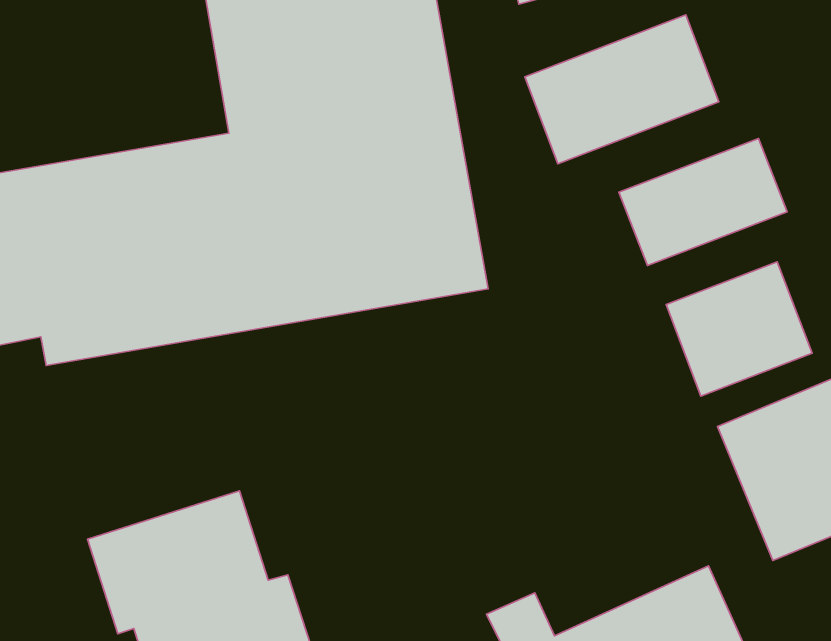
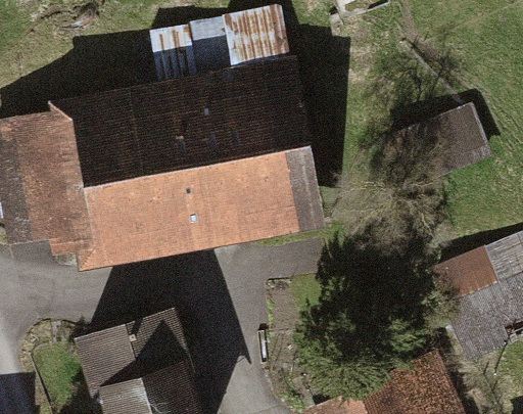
building: [525,15,719,164] -> none
building: [666,262,812,396] -> none

